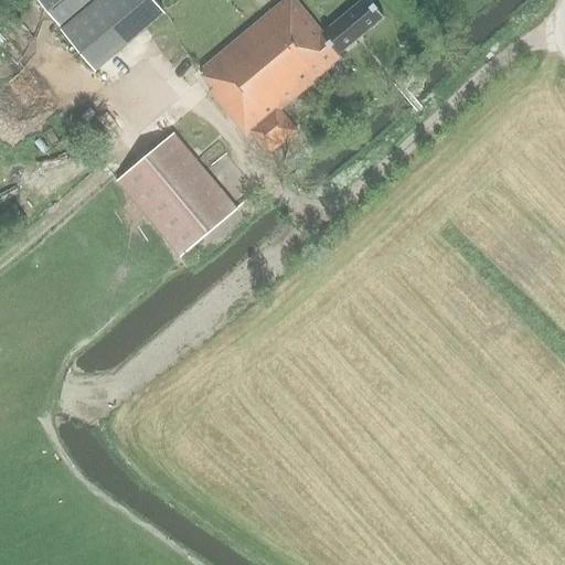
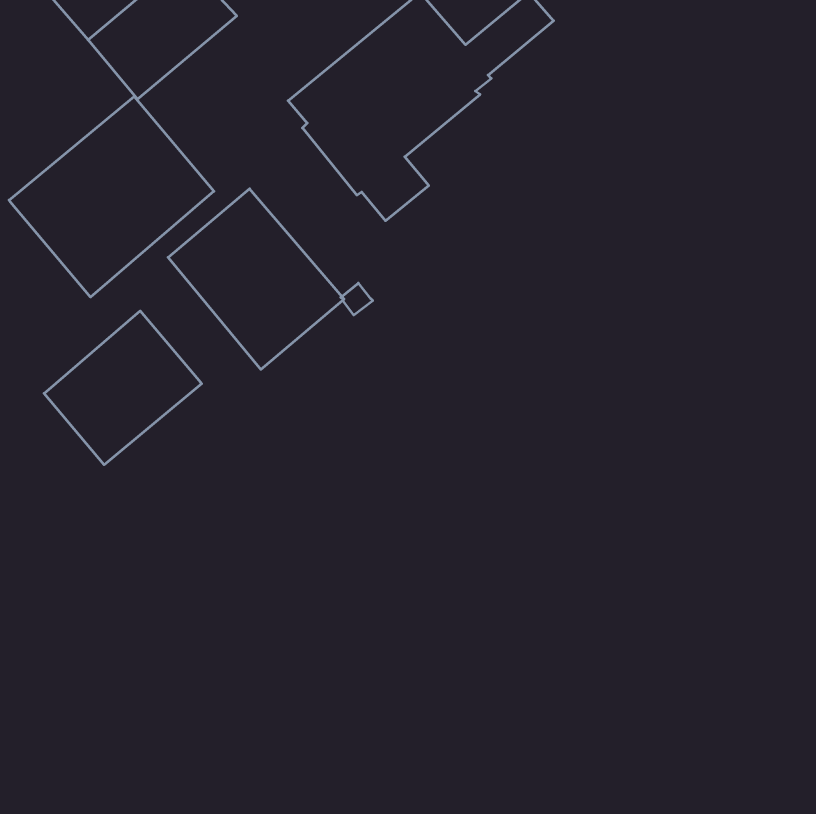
building: none -> [9,96,214,297]
building: none -> [44,311,202,465]

